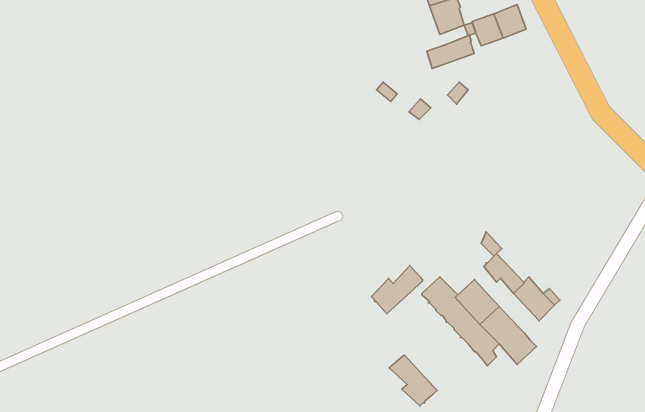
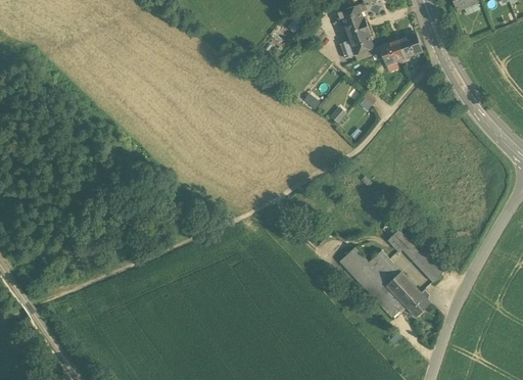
building: [427,35,474,68] -> none
building: [371,266,422,314] -> none
building: [389,355,437,406] -> none

